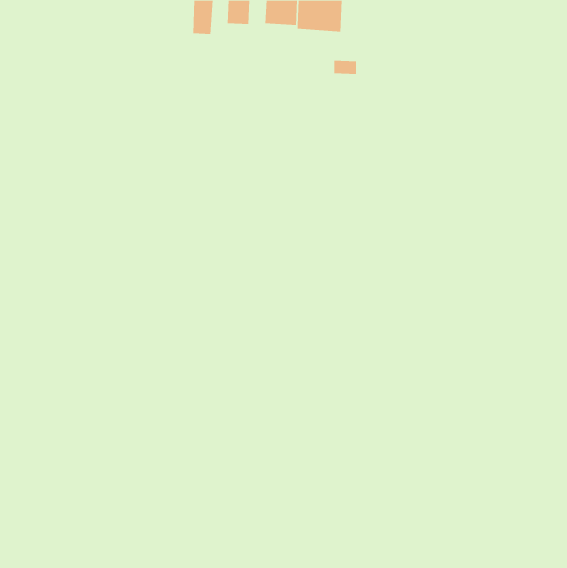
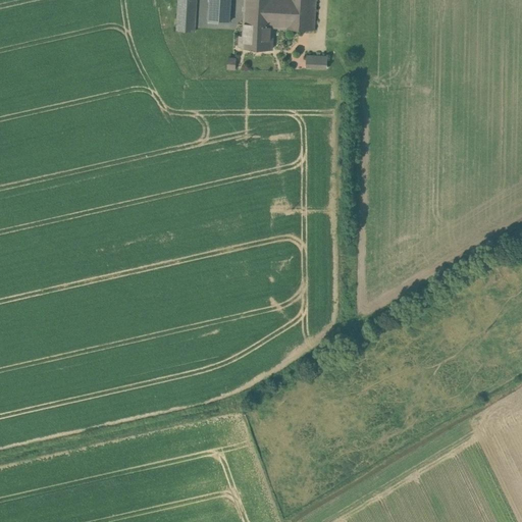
building: none -> [240,21,273,49]

